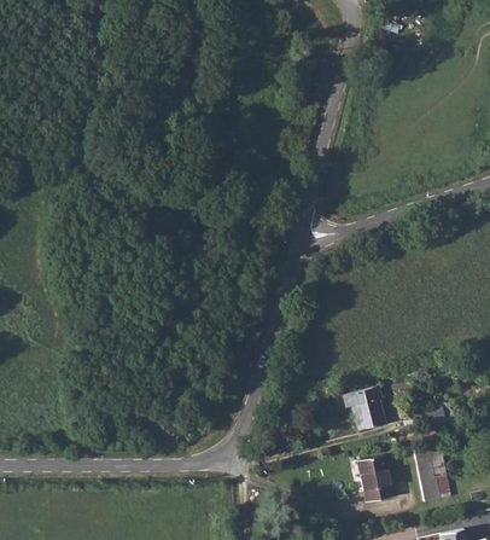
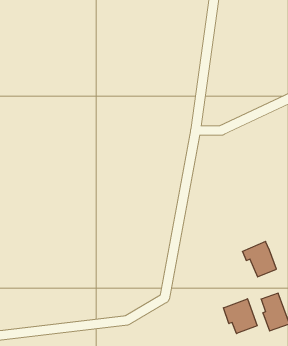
building: none -> [223,299,257,334]

